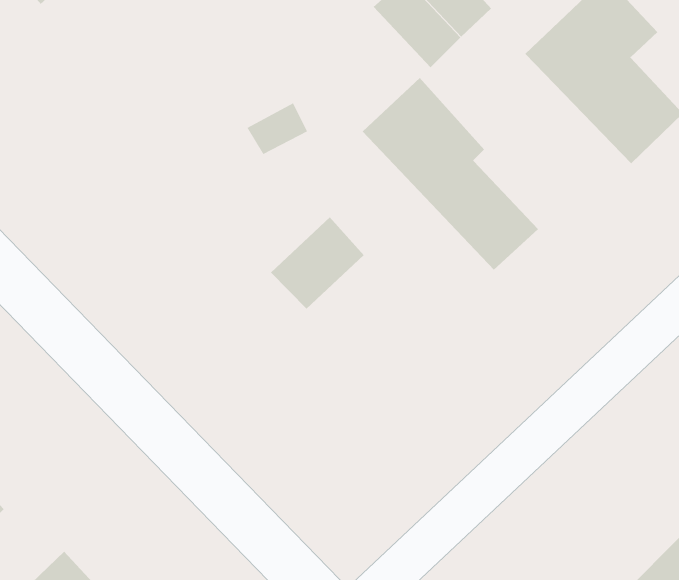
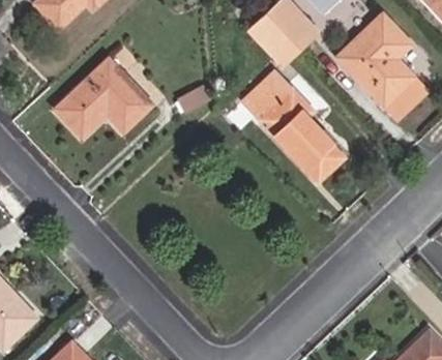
building: none -> [54,57,153,138]
building: [270,216,364,310] -> none

